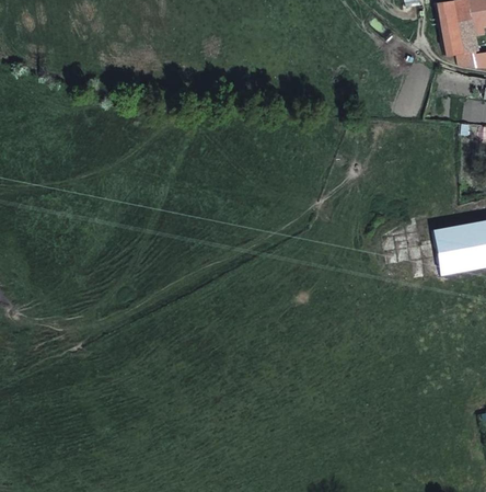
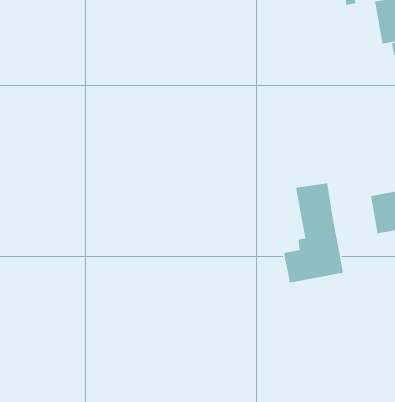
building: none -> [283,183,344,283]

